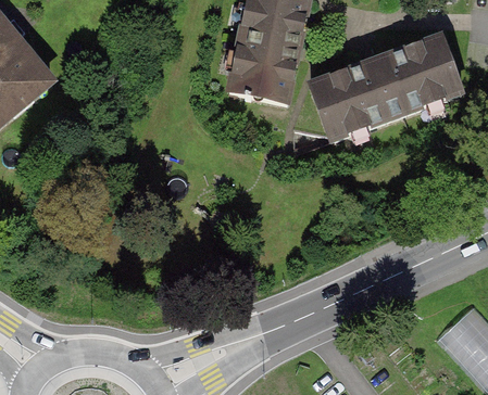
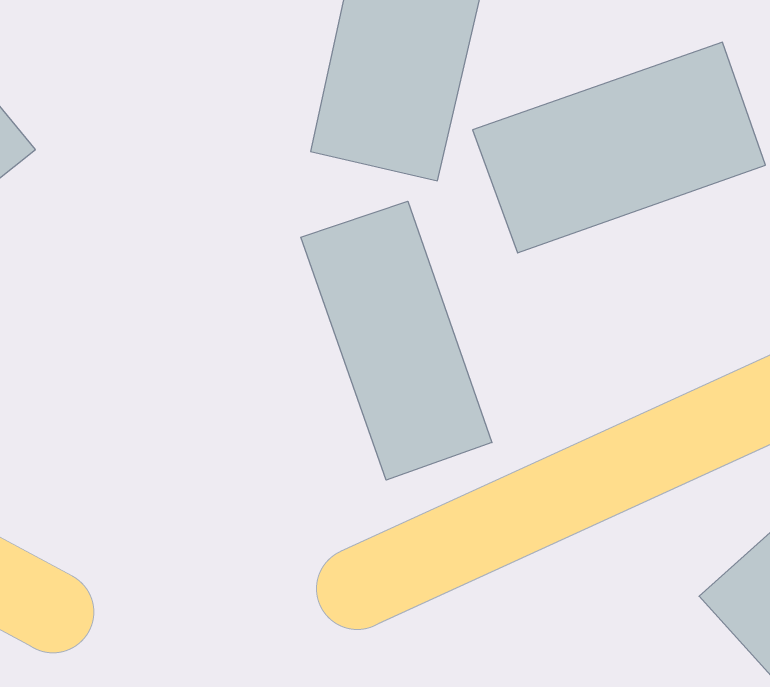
building: none -> [301,201,492,480]

